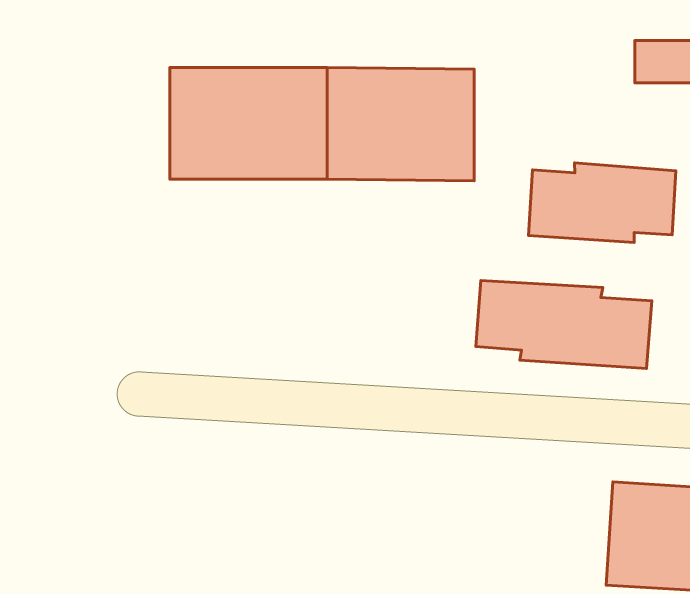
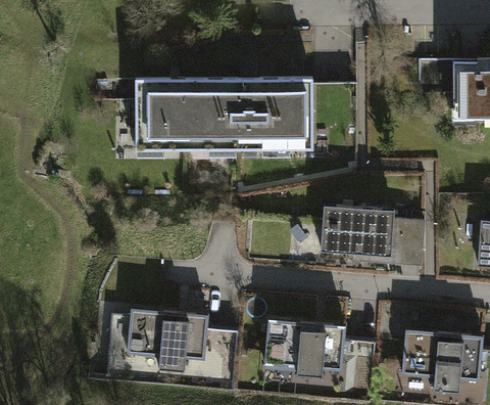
building: [529,163,676,242] -> none
building: none -> [108,304,234,375]
building: none -> [268,318,375,385]

